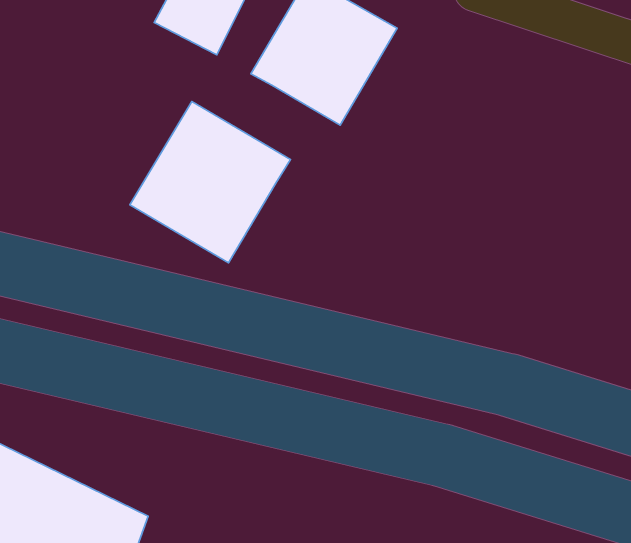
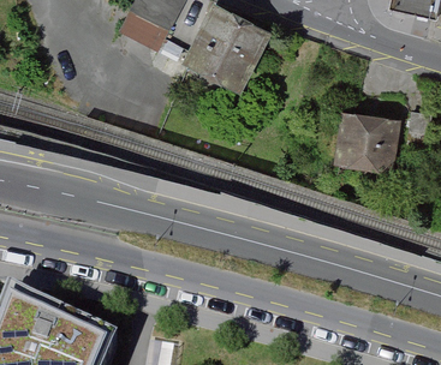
building: [130,101,291,263] -> none
building: none -> [333,112,401,178]

